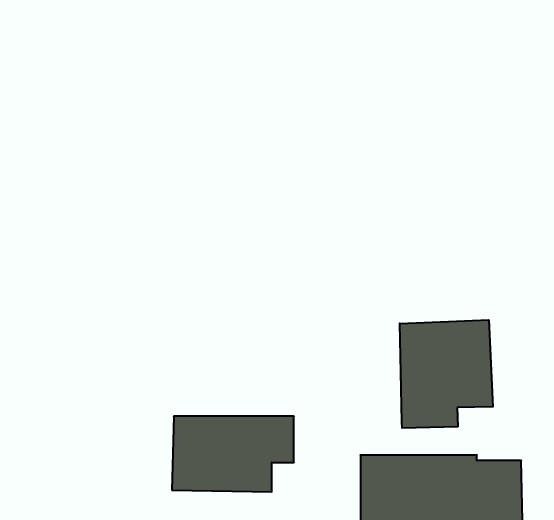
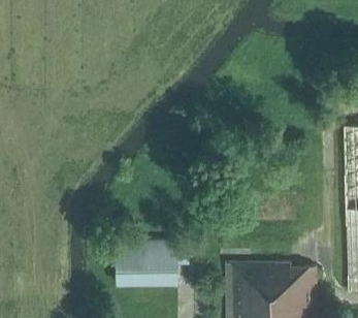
building: [400,320,493,428] -> none

